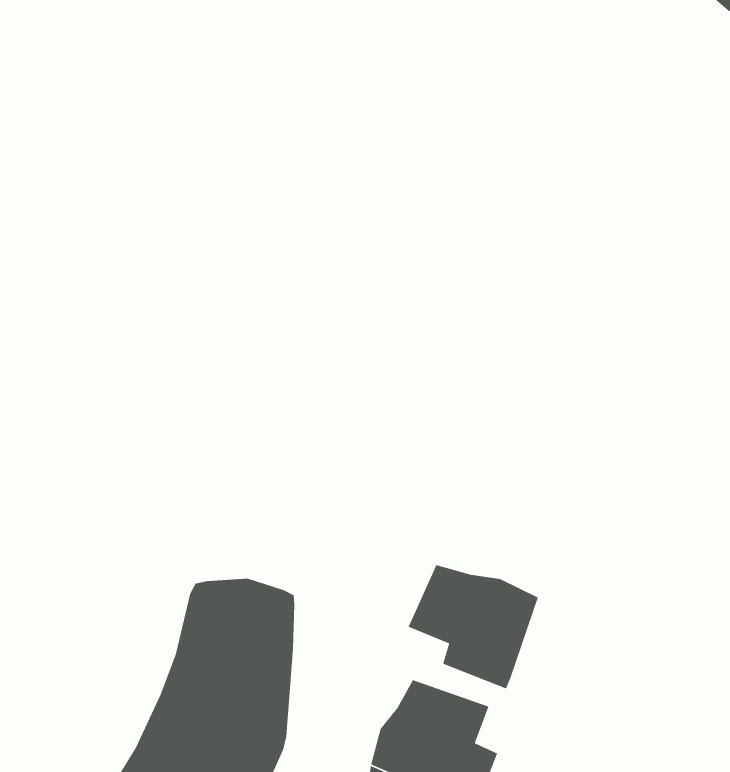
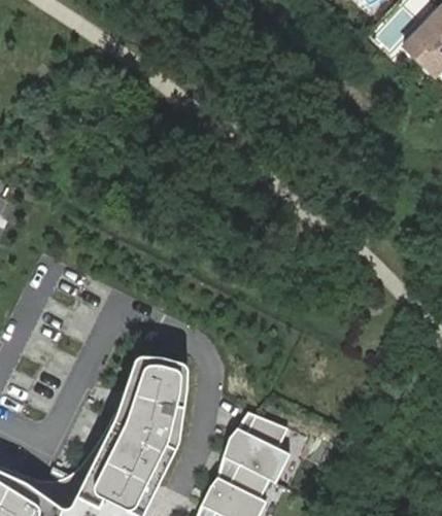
building: [407,564,539,689] -> none

